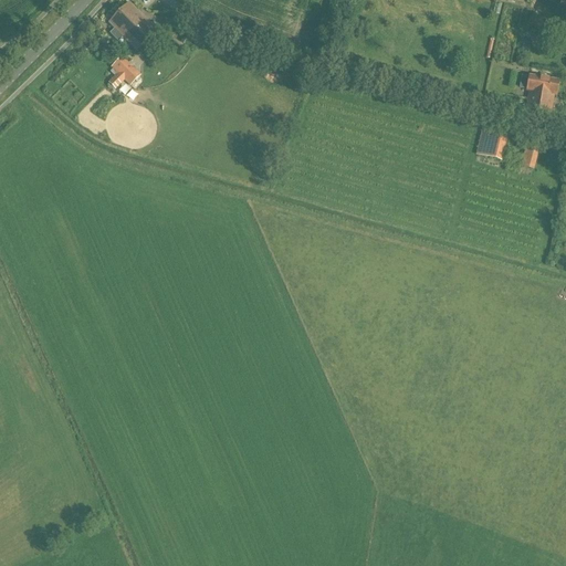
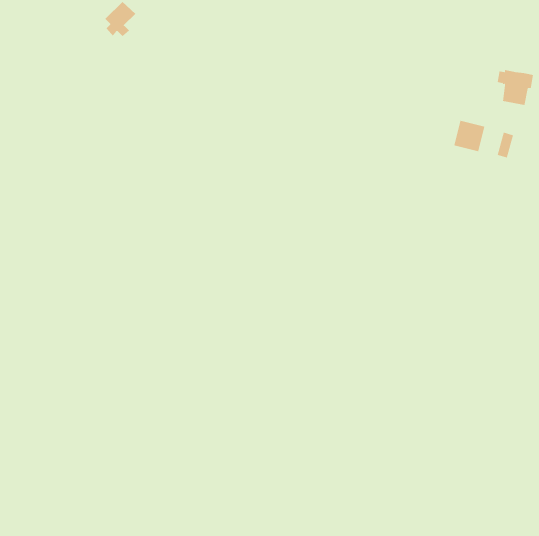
building: [128,14,156,48] -> none
building: [108,53,140,86] -> none

